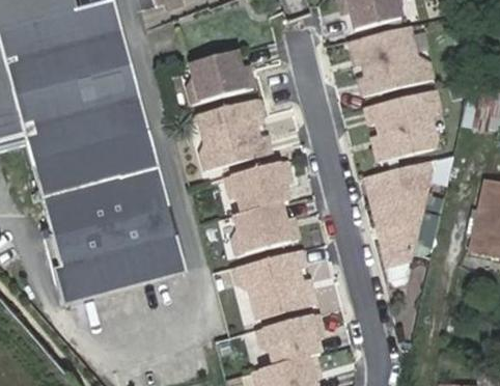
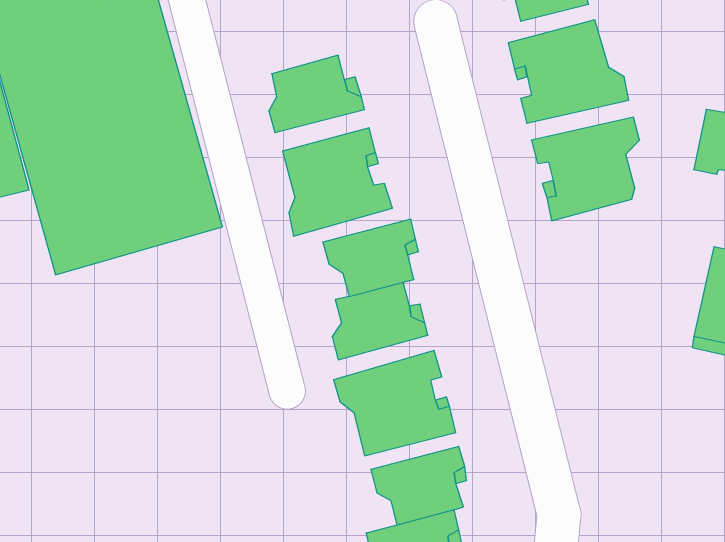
building: [366,161,428,264] -> none
building: [45,166,187,304] -> none

